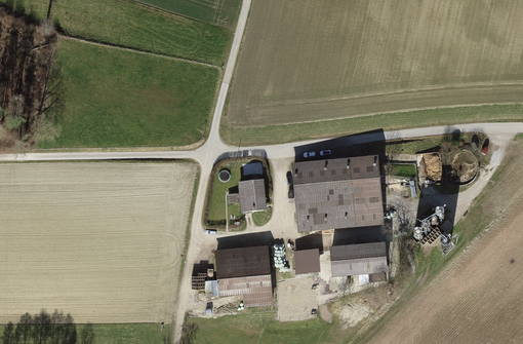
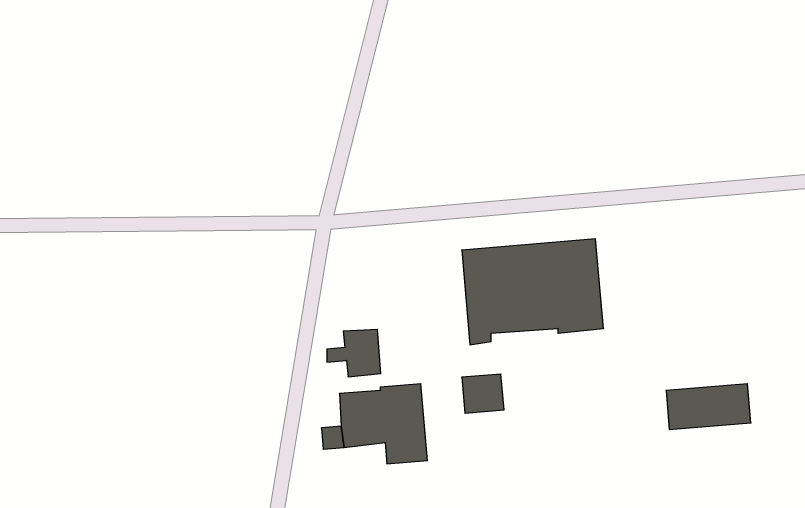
building: [229,179,263,208] -> [327,329,381,377]
building: [331,243,385,272] -> [666,384,751,429]

